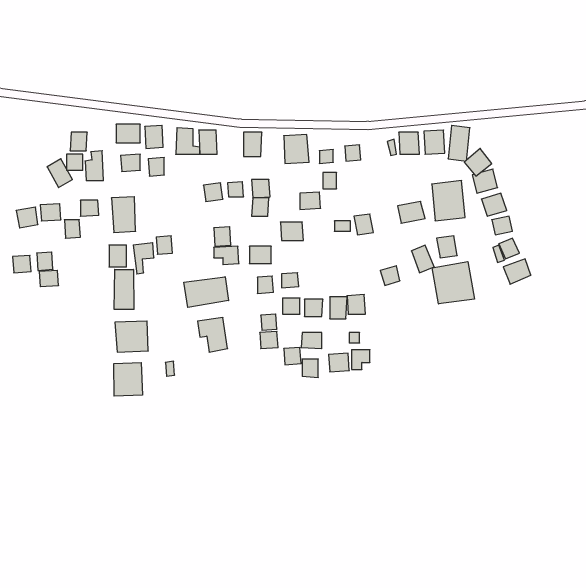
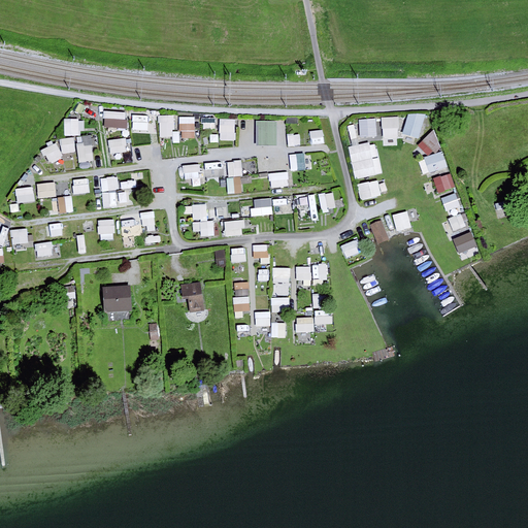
building: [432,181,465,221] -> [350,142,380,178]
building: [432,262,474,304] -> none
building: [114,269,134,309] -> none
building: [184,277,229,307] -> none
building: [114,363,142,396] -> none

